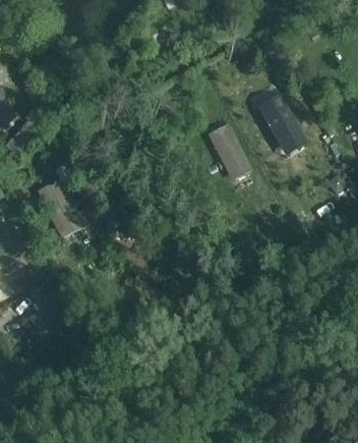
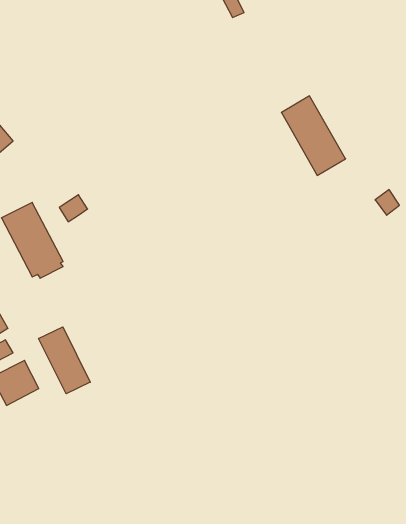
building: [208,122,251,179] -> none
building: none -> [39,327,90,394]

